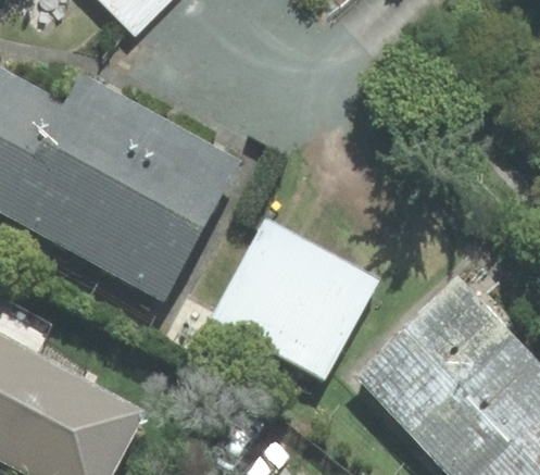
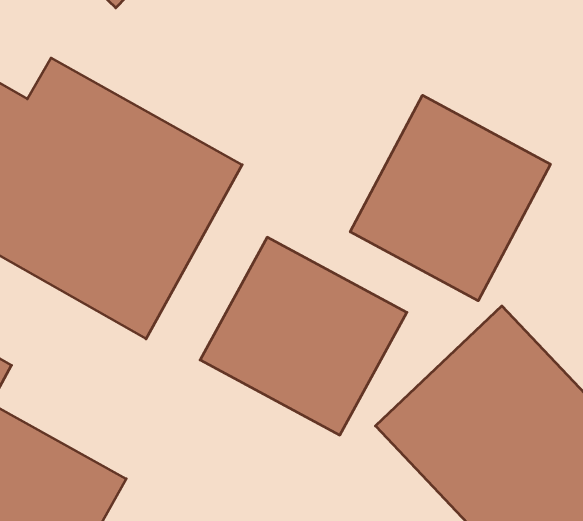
building: none -> [350,95,550,301]

